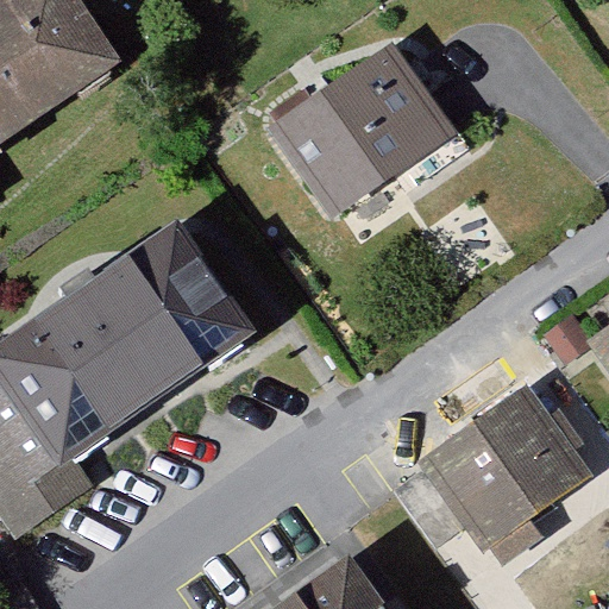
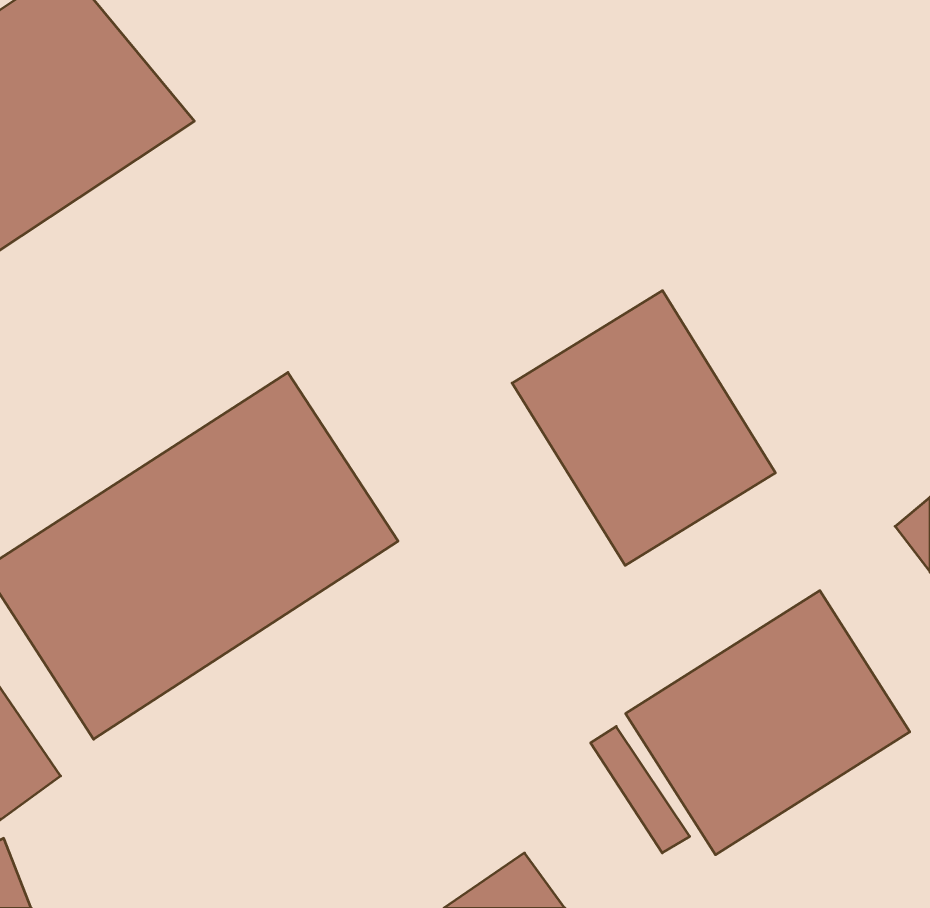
building: [264,51,448,226] -> none
building: none -> [512,291,775,565]

